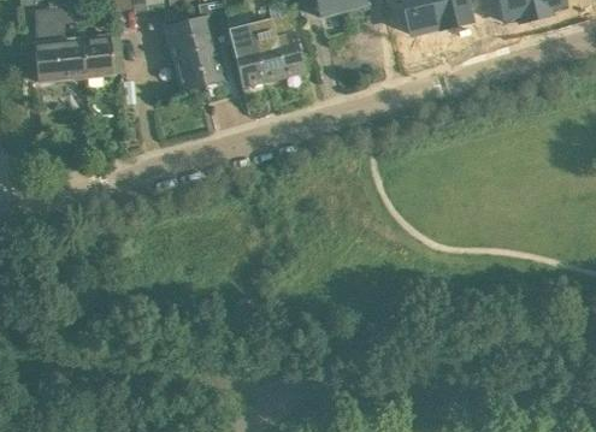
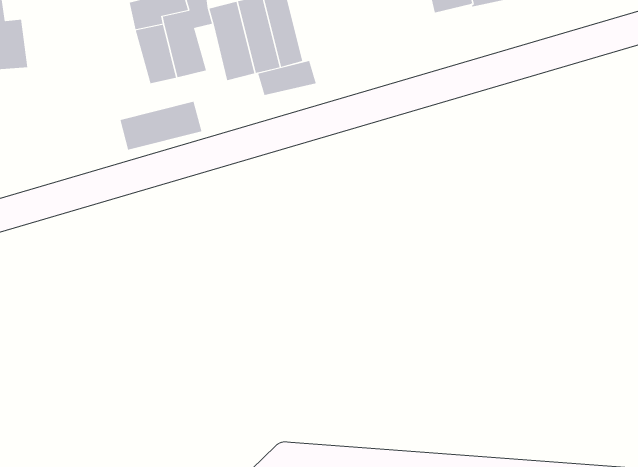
building: [78,35,122,77] -> none
building: none -> [258,60,316,96]
building: none -> [120,101,202,150]

